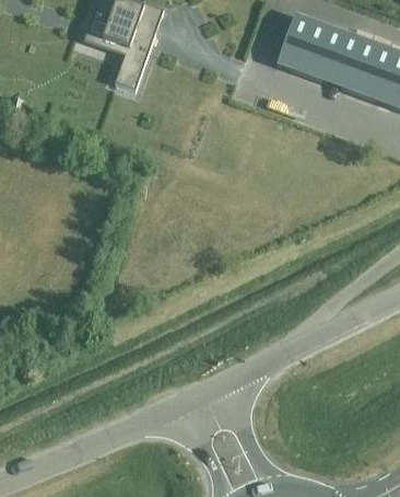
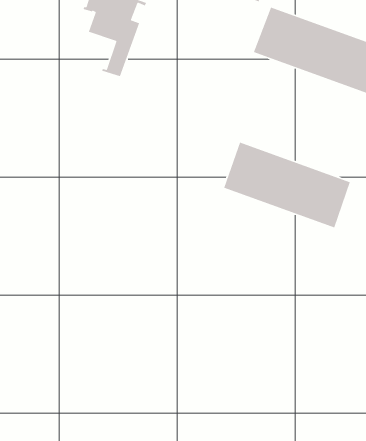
building: none -> [223,142,351,228]

